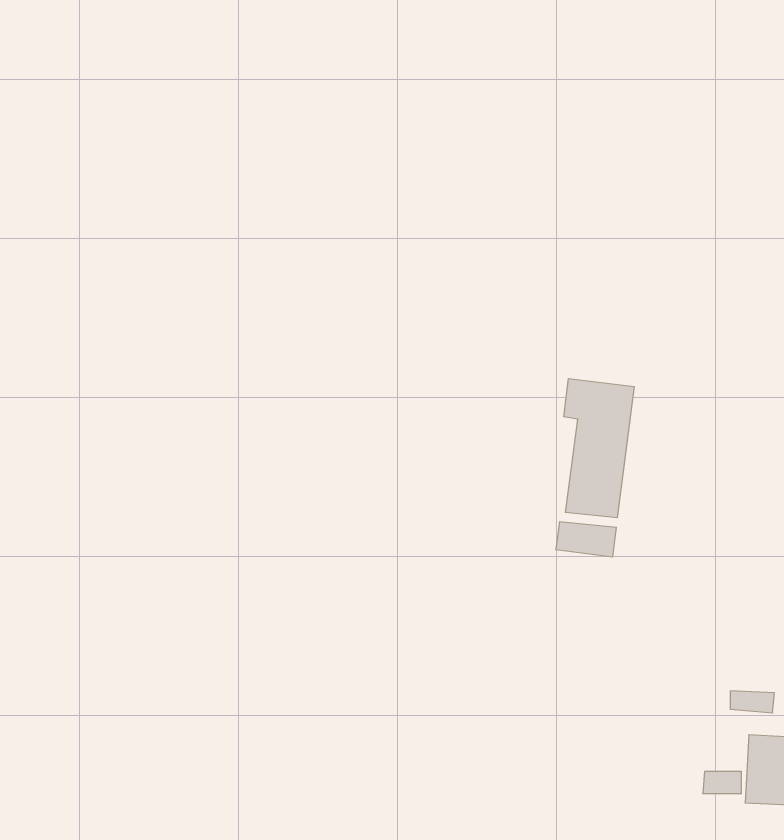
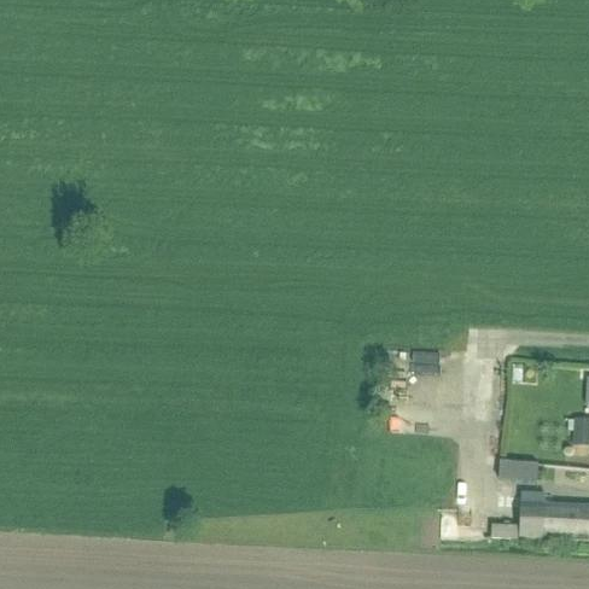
building: [564,379,634,518] -> none

